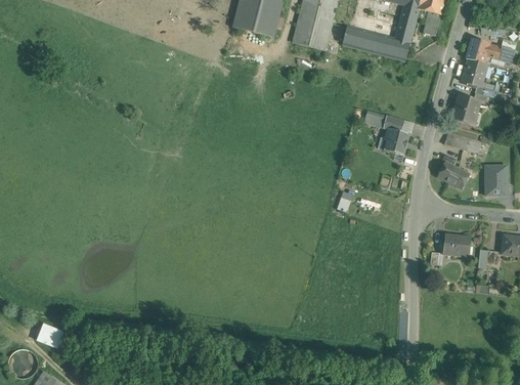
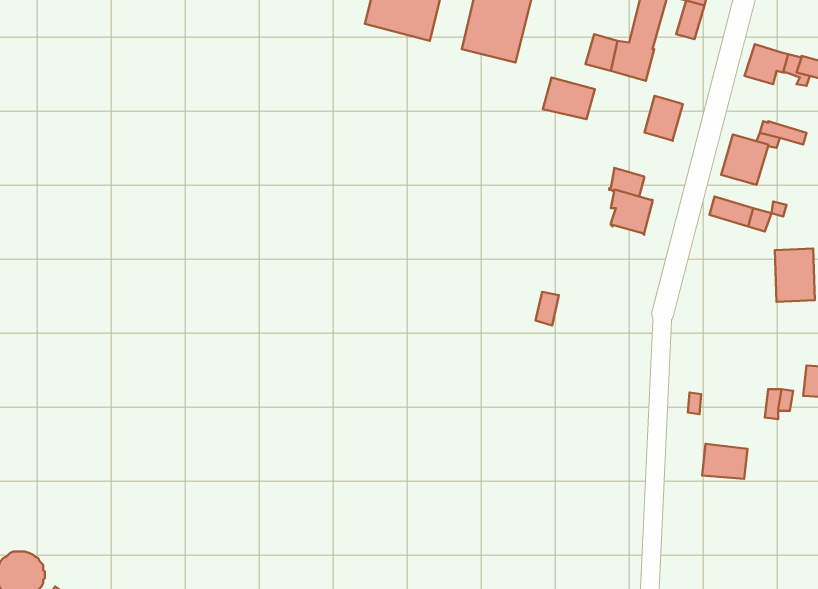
building: [342,26,374,51] -> [543,77,595,119]
building: [463,59,486,87] -> [644,96,683,141]
building: [437,161,470,189] -> none
building: [443,234,471,256] -> [702,444,747,479]
building: [37,324,63,347] -> none

